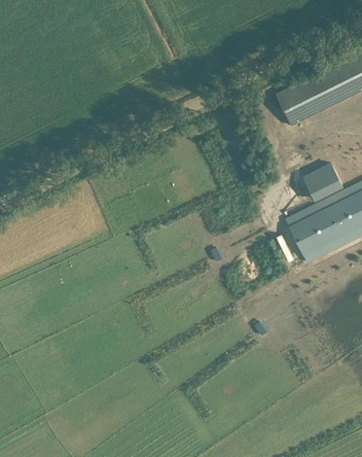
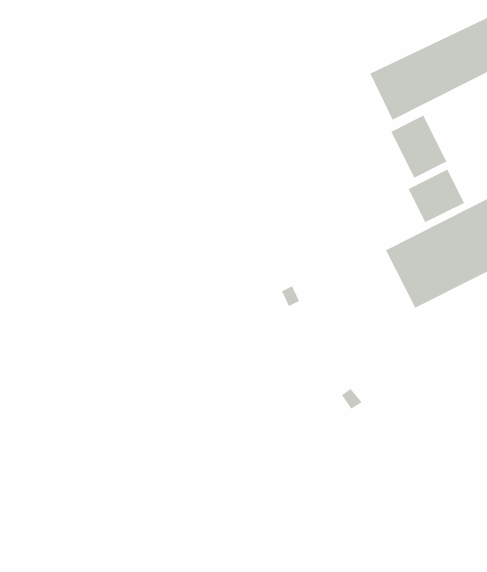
building: none -> [391,115,447,179]

